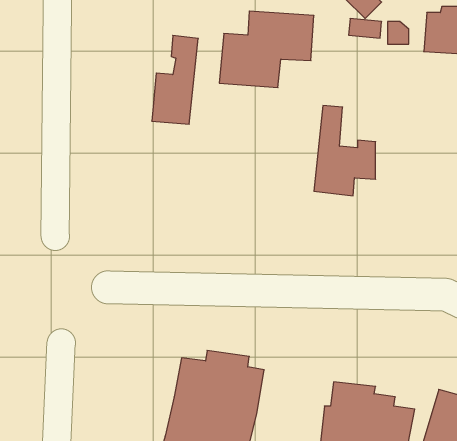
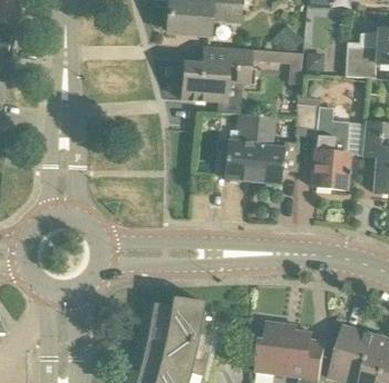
building: [152,35,198,124] -> [223,112,257,178]
building: none -> [295,104,349,188]

